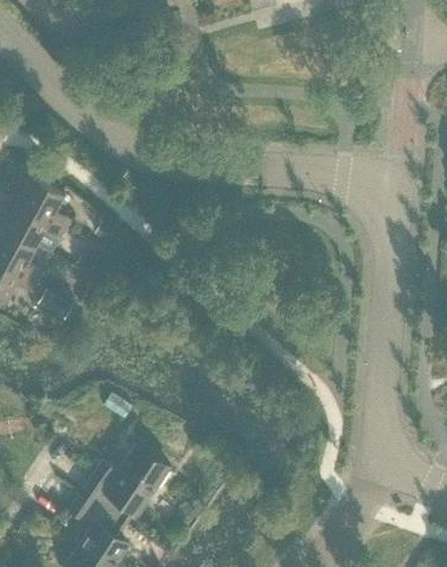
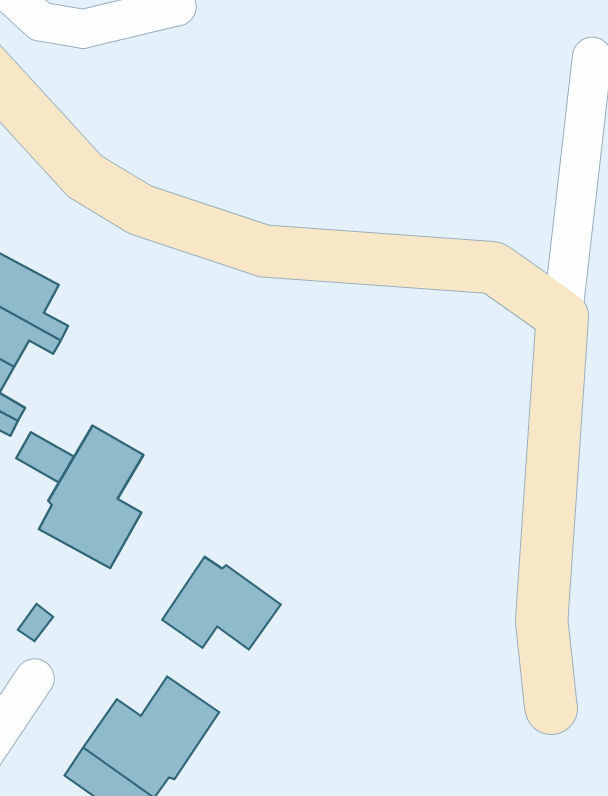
building: none -> [39,425,143,568]
building: none -> [162,557,281,650]

